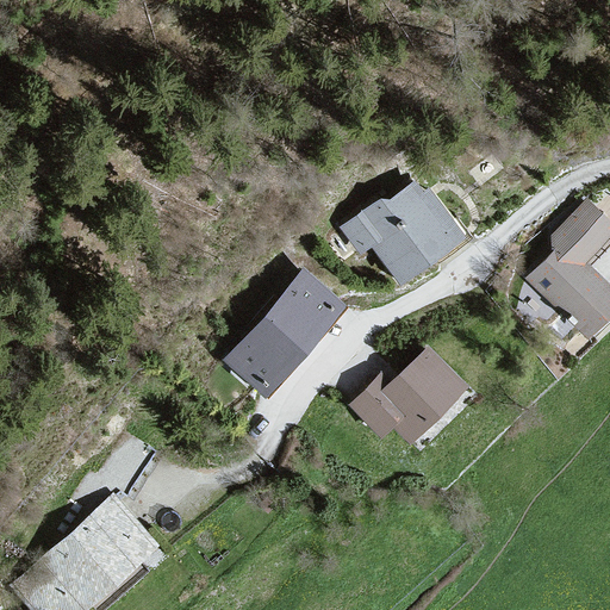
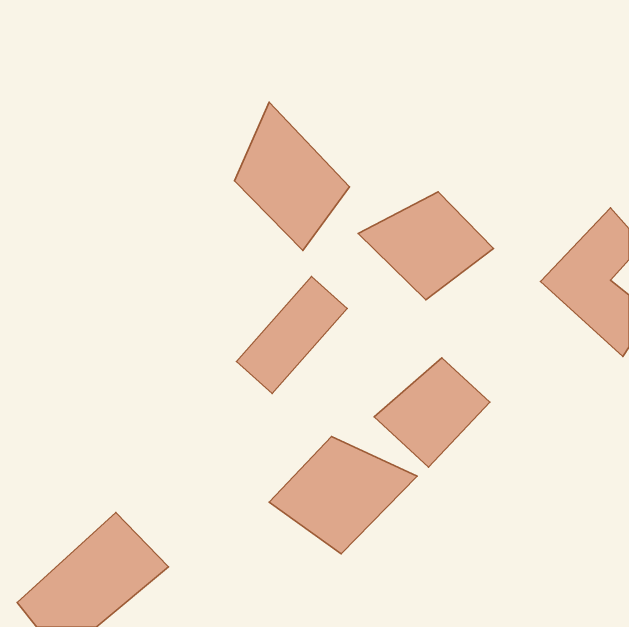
building: none -> [234,102,350,251]
building: none -> [269,436,417,554]

